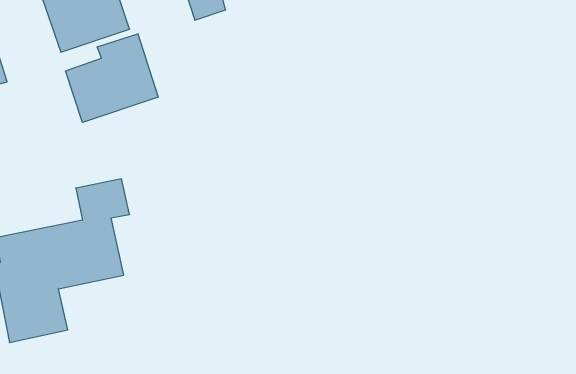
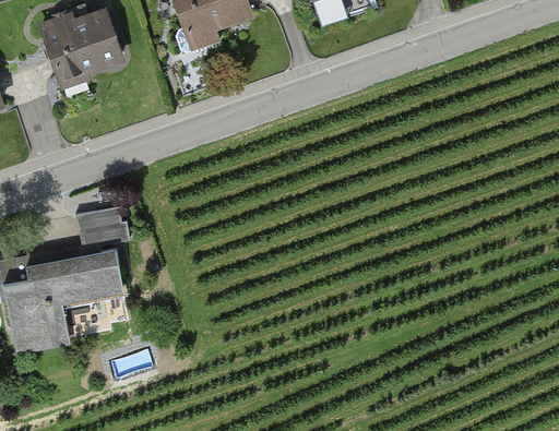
building: [65,34,158,122] -> none

